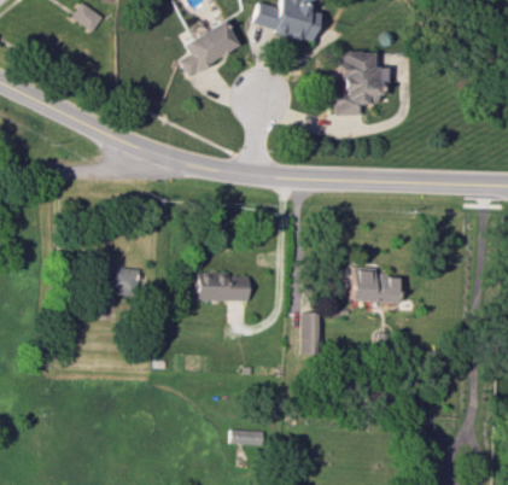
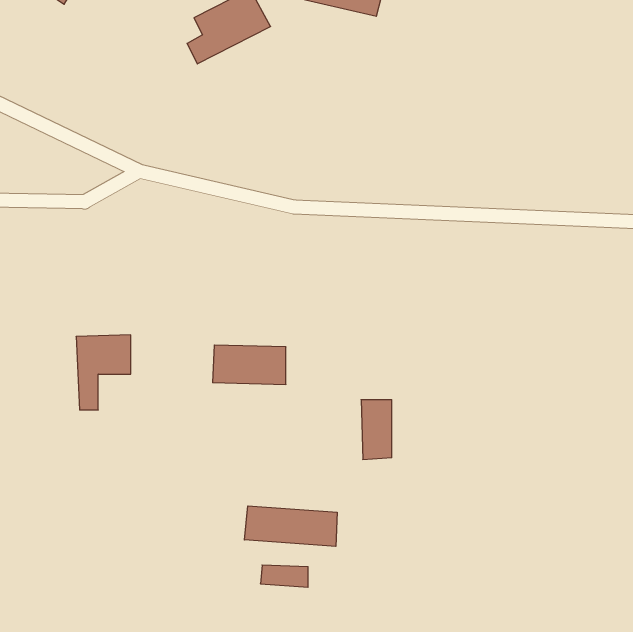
building: [337,51,380,116] -> none
building: [354,269,399,302] -> none
building: none -> [244,506,337,546]

